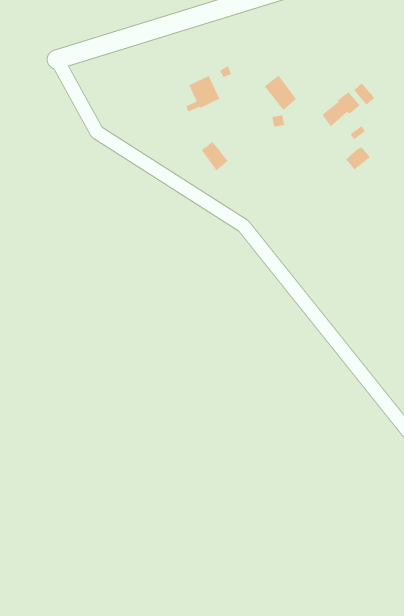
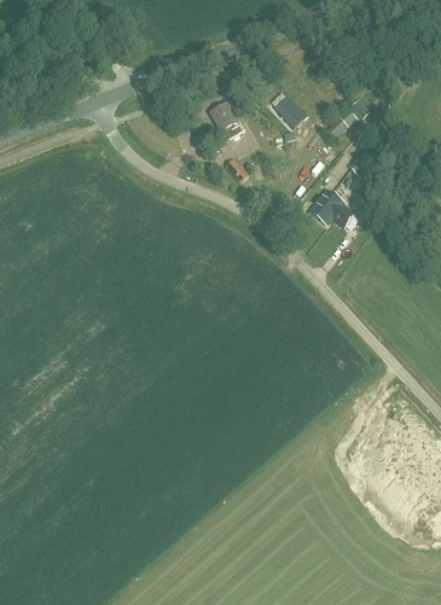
building: none -> [309,190,354,227]

